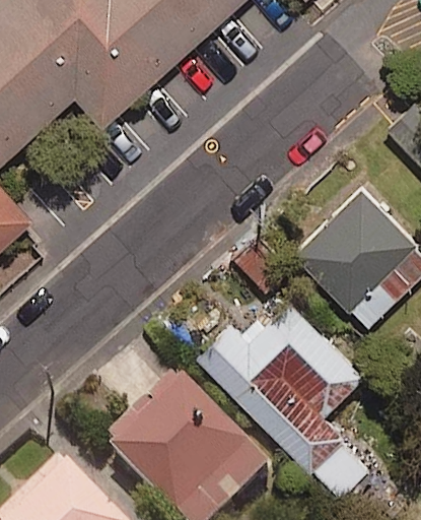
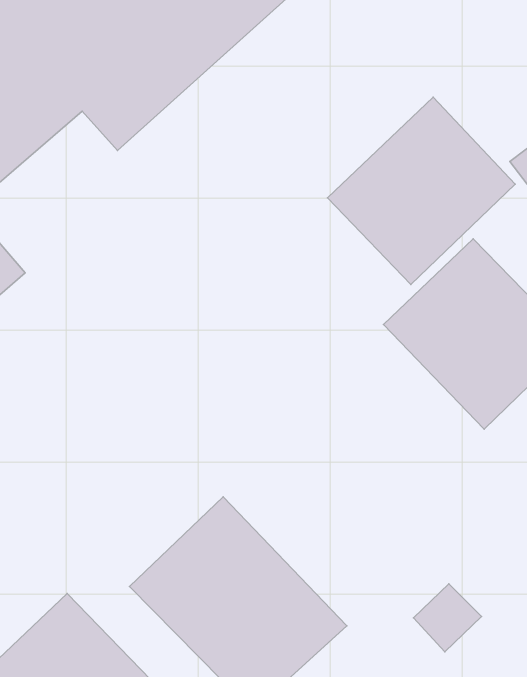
building: none -> [328,97,515,285]
building: [205,305,369,474] -> none

